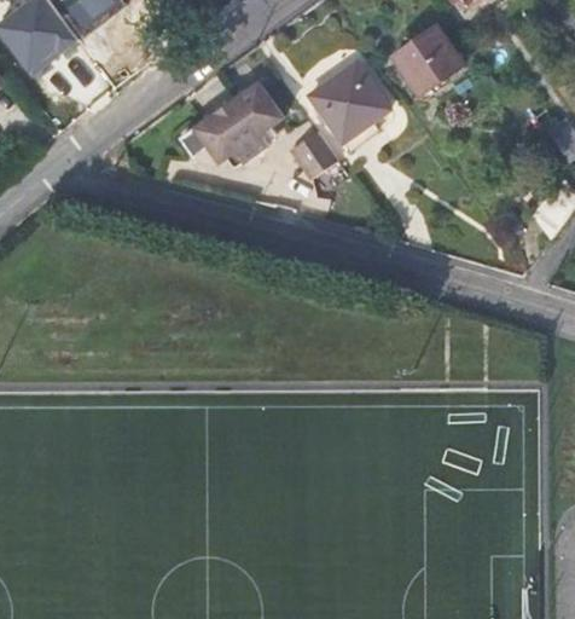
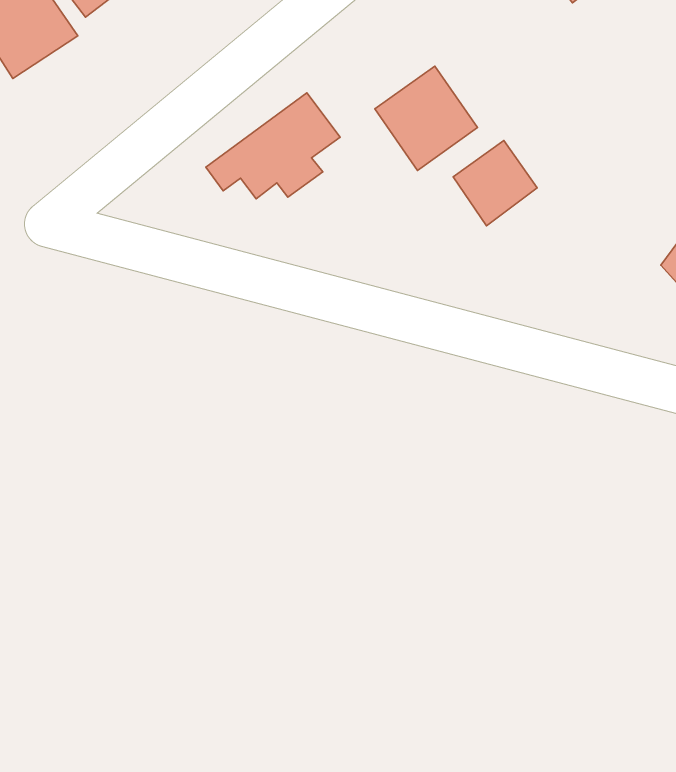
building: [396,28,460,93] -> [453,140,537,226]
building: [289,131,337,180] -> none

